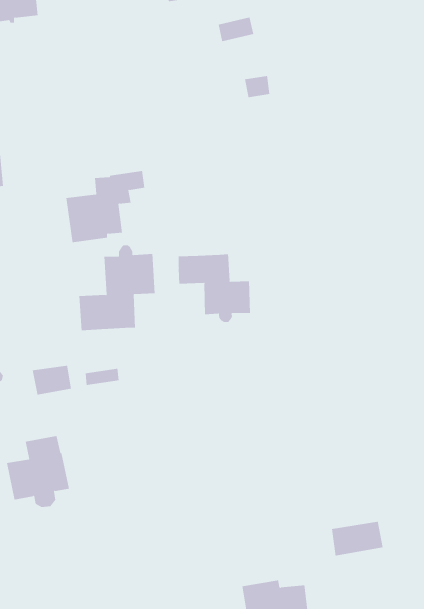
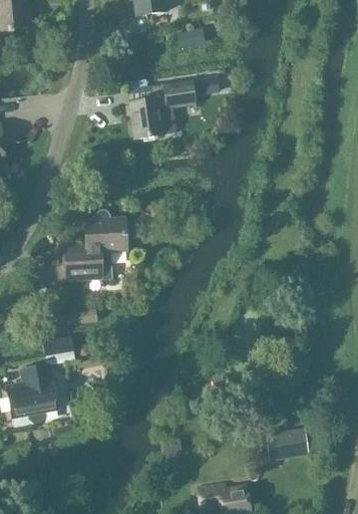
building: [66,170,145,243] -> [128,80,193,139]
building: [178,253,250,323] -> none
building: [32,365,72,395] -> [42,335,74,359]

